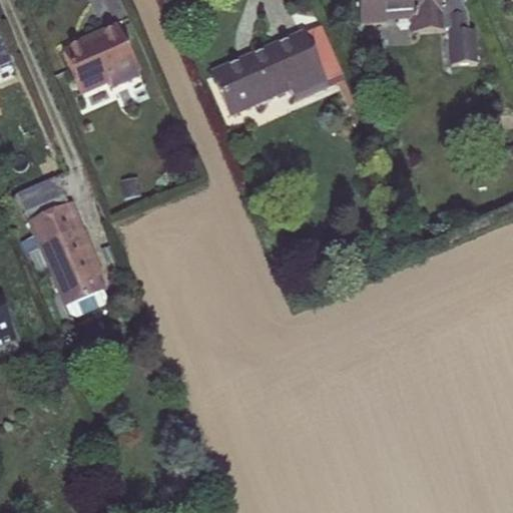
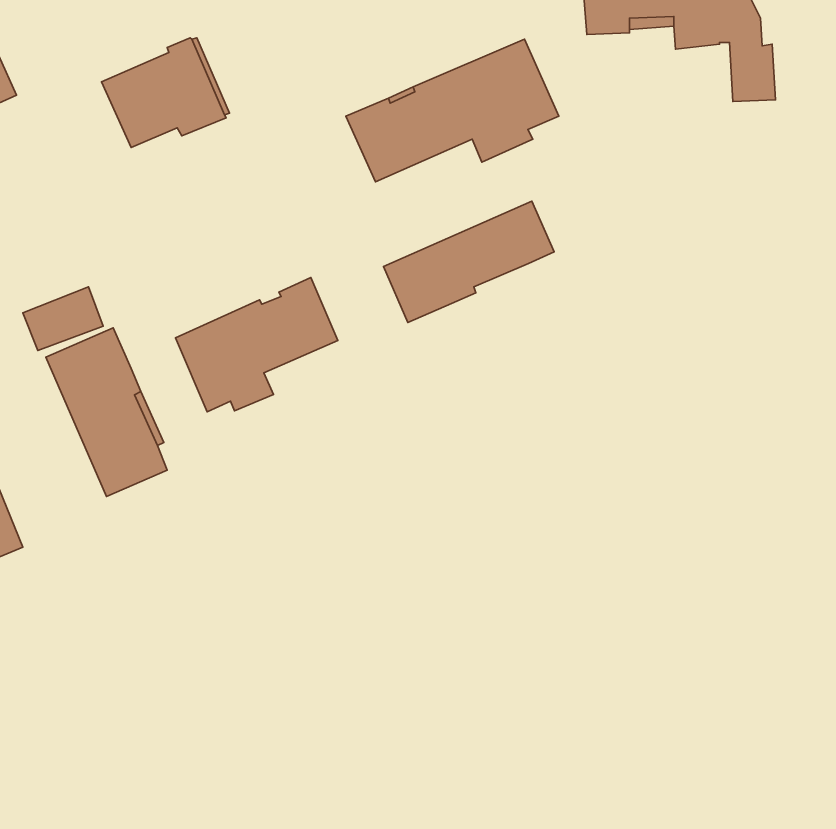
building: none -> [384,201,554,323]
building: none -> [175,278,338,412]

